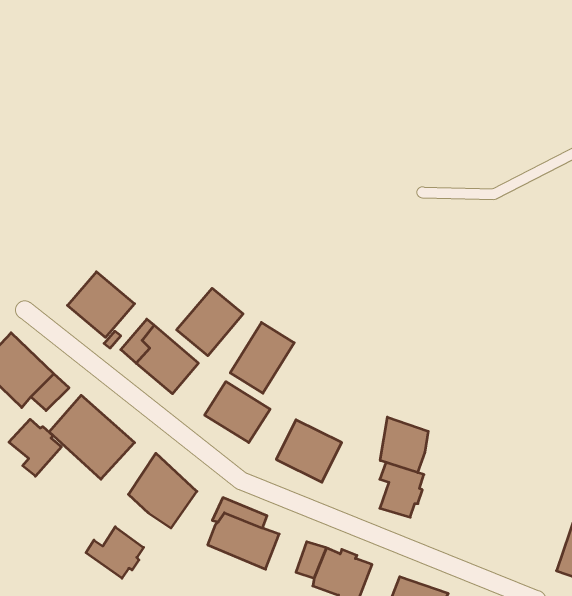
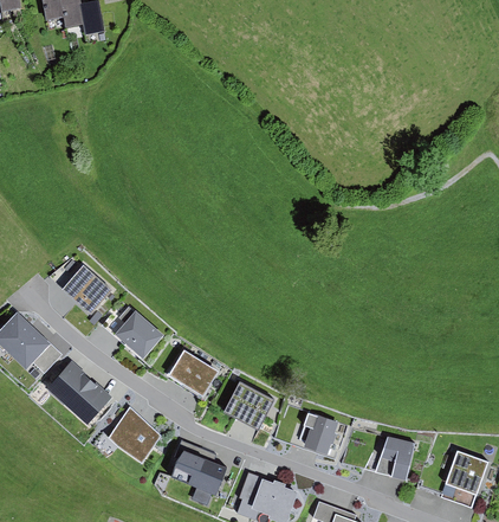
building: [177,288,243,356] -> none
building: [230,322,294,393] -> none
building: [380,417,428,473] -> none
building: [9,419,61,476] -> none
building: none -> [374,436,414,481]
building: [86,527,144,578] -> none

